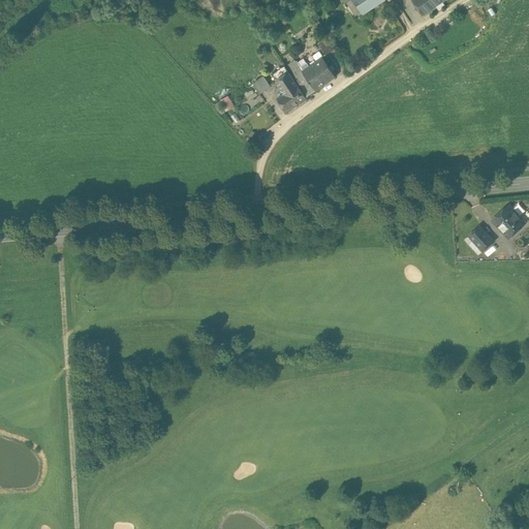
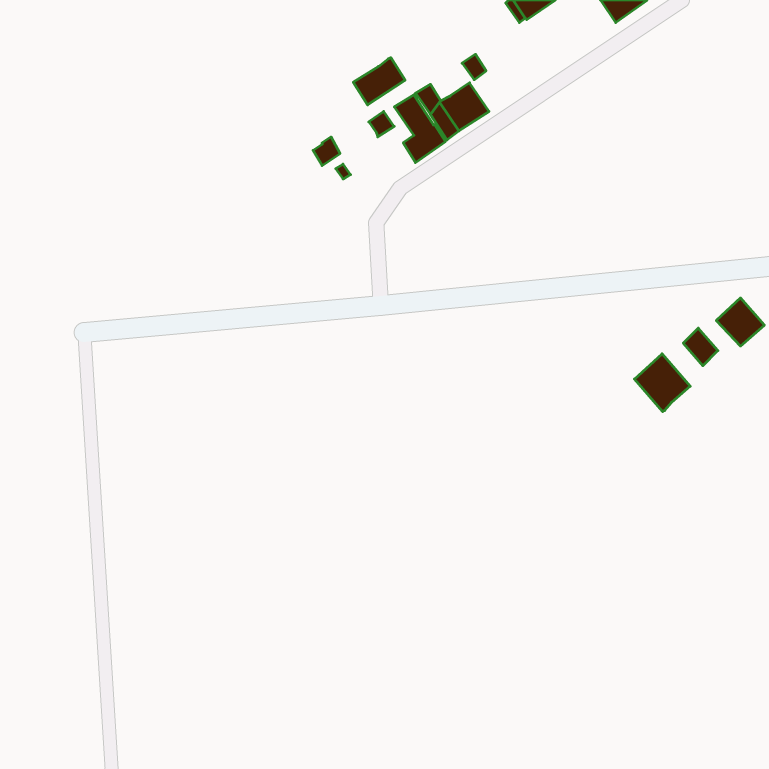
building: none -> [353,58,405,105]
building: none -> [634,354,690,412]

